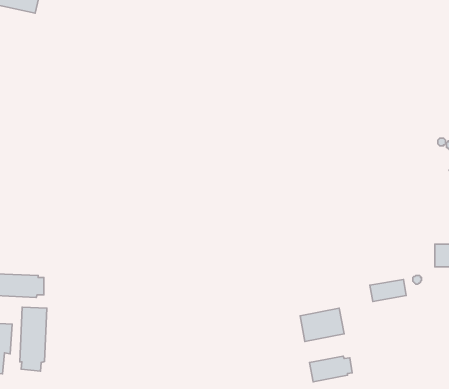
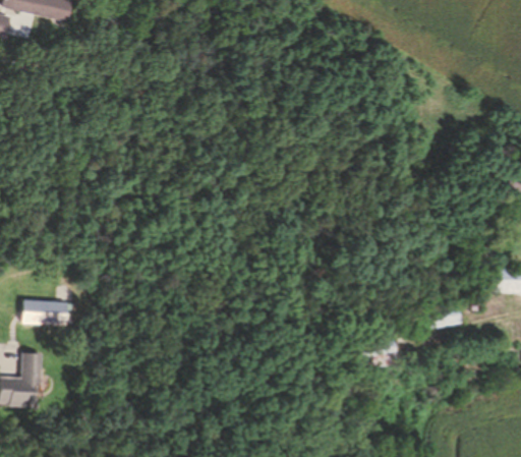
building: [20,307,47,371] -> none
building: [310,356,352,382] -> none

